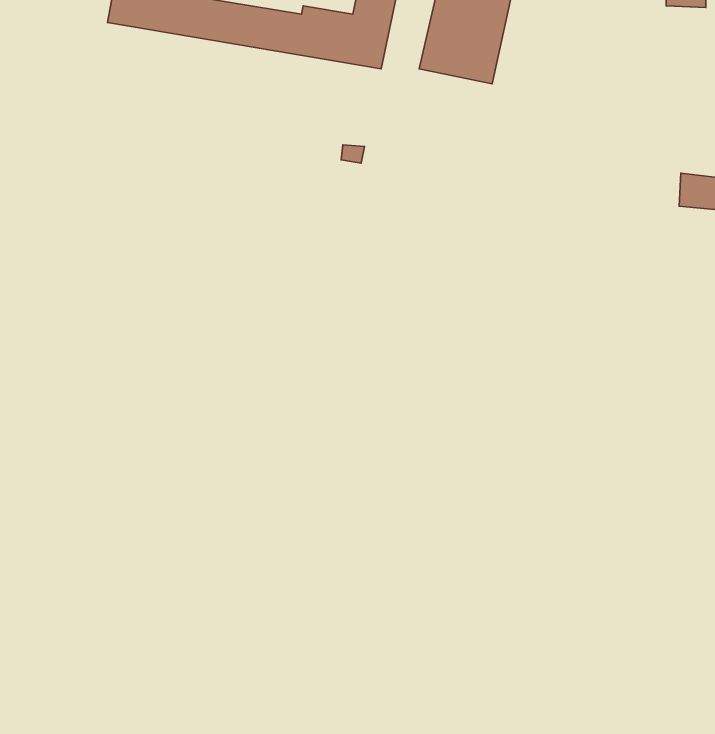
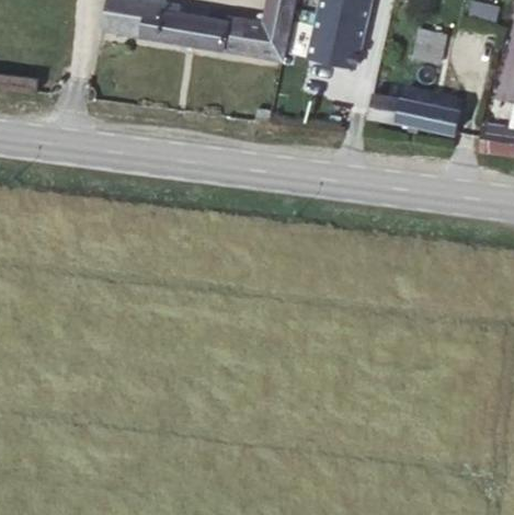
building: none -> [412,26,448,65]
building: none -> [369,93,460,134]

